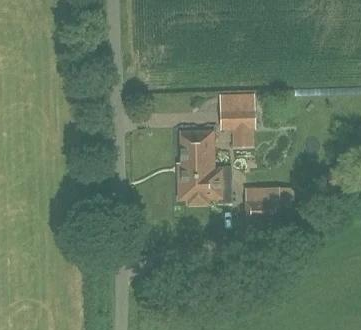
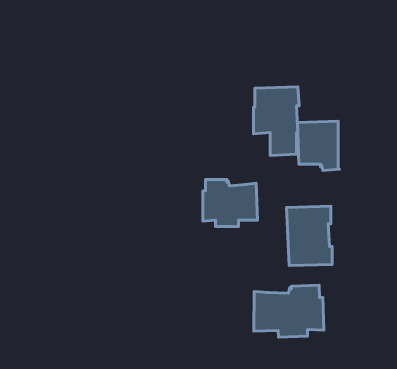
building: [181,132,214,171] -> [298,121,339,171]
building: none -> [254,285,324,337]

